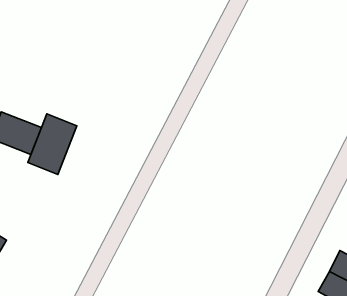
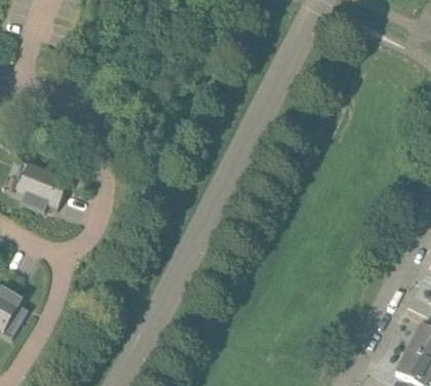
building: [28,114,77,174] -> none

